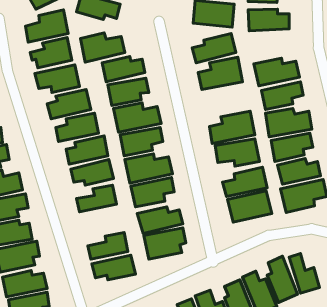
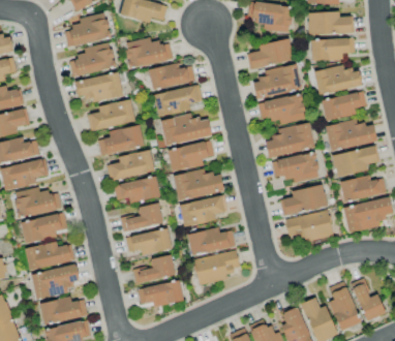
building: none -> [310,38,355,61]
building: none -> [257,94,306,124]
building: none -> [125,228,172,255]

